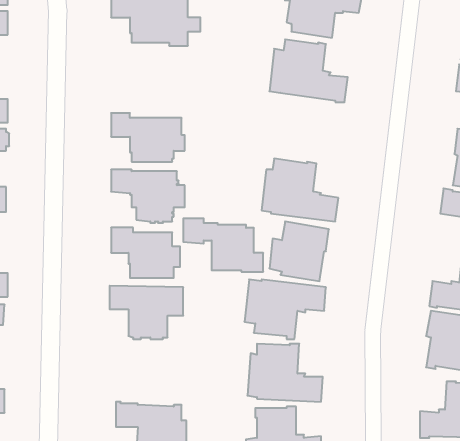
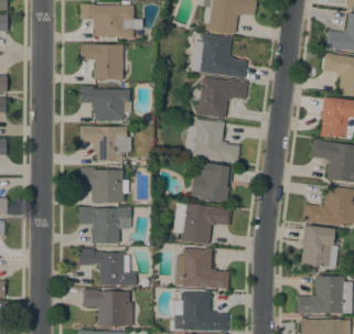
building: none -> [81,44,122,79]
building: none -> [195,77,247,118]
building: [183,218,263,272] -> [79,248,136,285]

